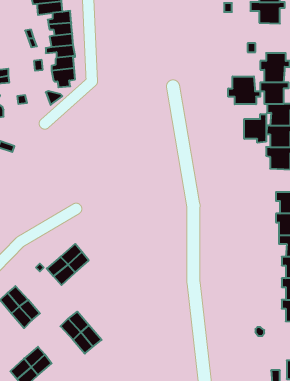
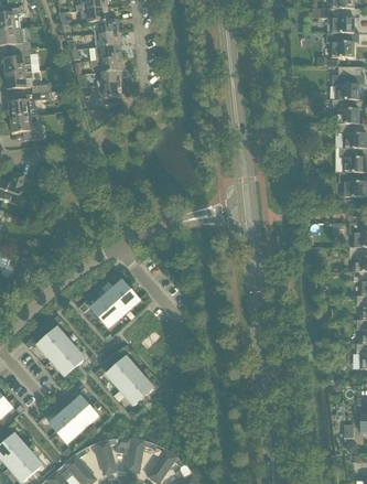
building: none -> [325,31,358,56]
building: [228,76,260,104] -> none
building: [244,114,266,143] -> none

